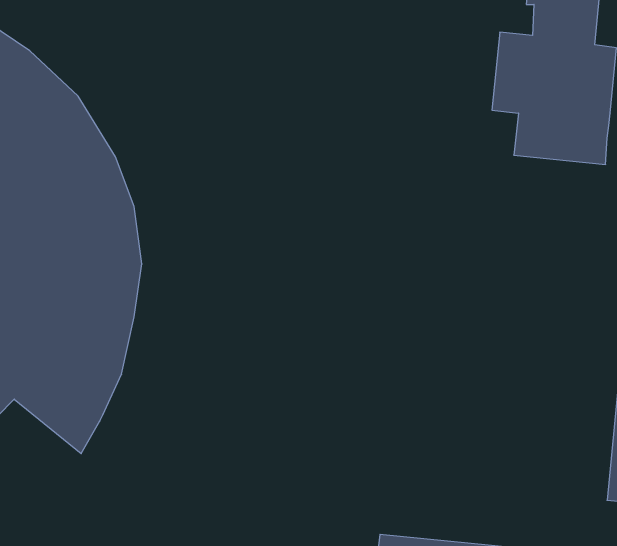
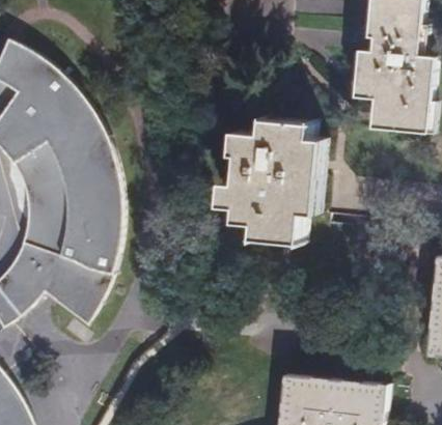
building: none -> [226,117,331,248]

